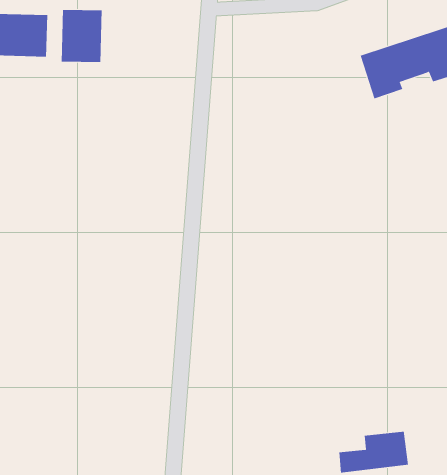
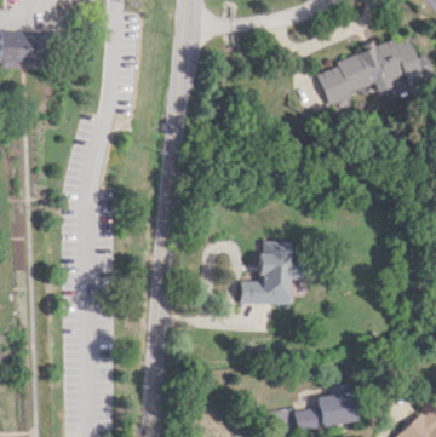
building: [61,9,102,63] -> none
building: none -> [240,241,304,304]

